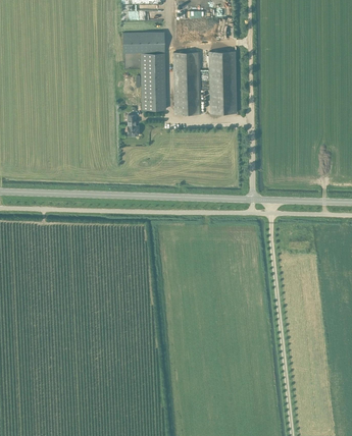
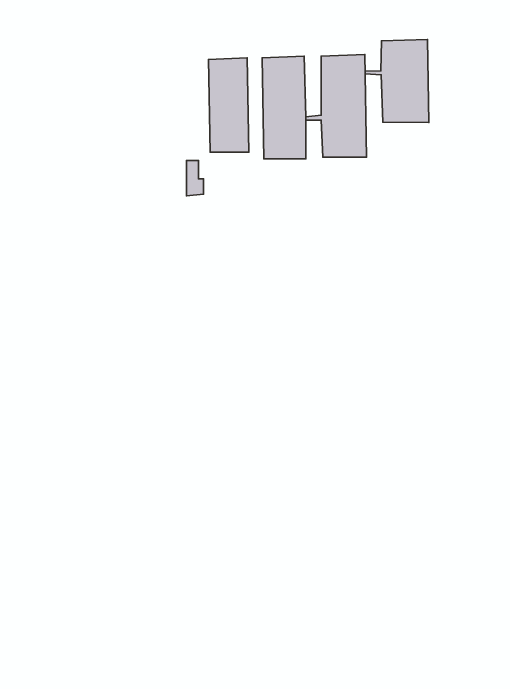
building: [122,31,164,52] -> none
building: none -> [365,40,429,122]

